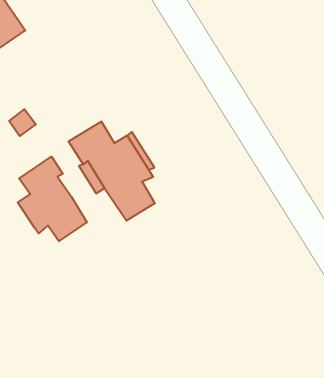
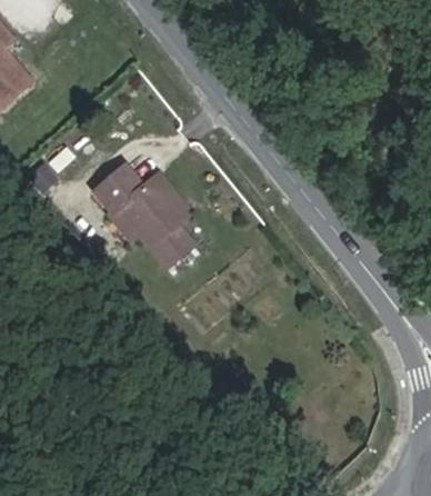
building: [18,157,87,241] -> none

